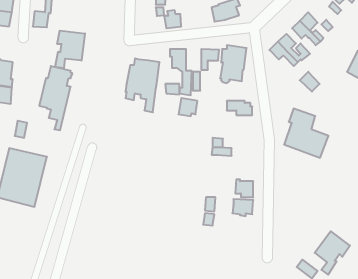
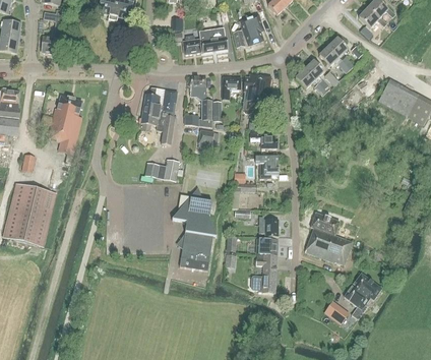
building: none -> [200,28,228,52]
building: [55,31,85,68] -> none
building: [284,109,329,158] -> [305,213,353,265]
building: none -> [254,154,279,178]
building: none -> [143,159,179,181]
building: none -> [172,187,217,271]
building: none -> [250,253,276,293]

